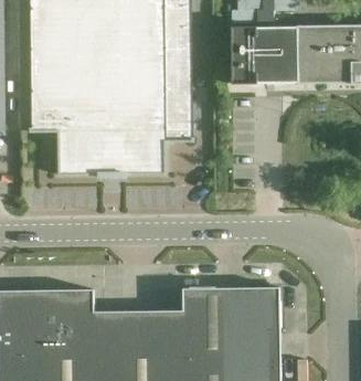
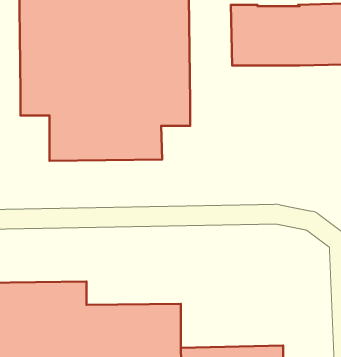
building: [183,288,280,353] -> none

